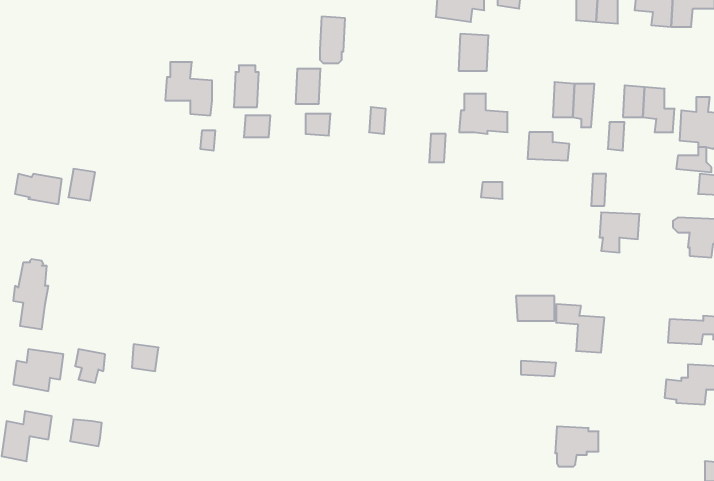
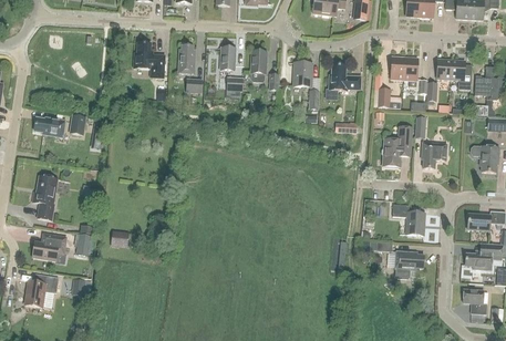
building: [320,17,345,63] -> [250,50,267,81]
building: [459,34,489,71] -> [292,61,312,85]
building: none -> [382,125,412,166]
building: none -> [462,283,486,313]
building: [555,426,599,466] -> [394,250,423,277]

